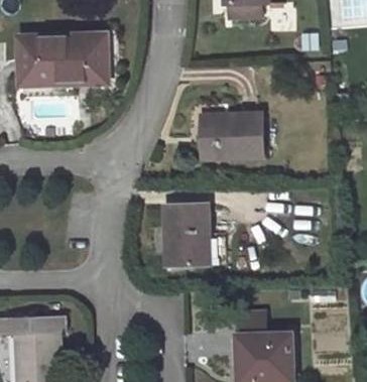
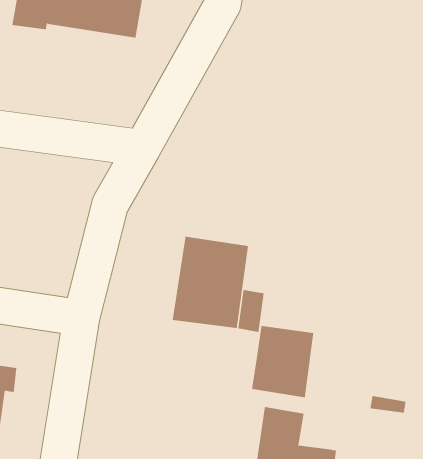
building: [202,114,262,159] -> none
building: none -> [251,325,314,398]

